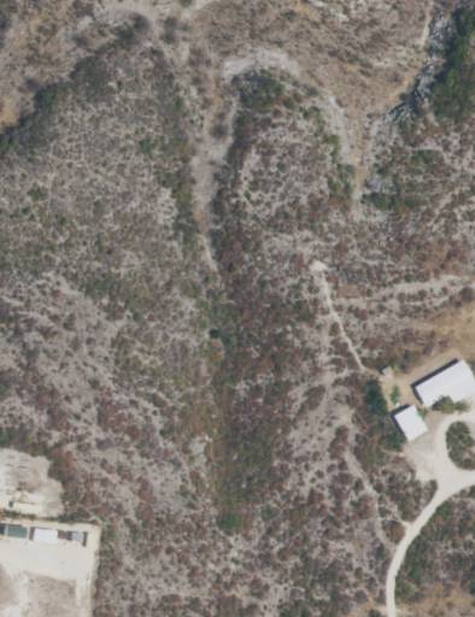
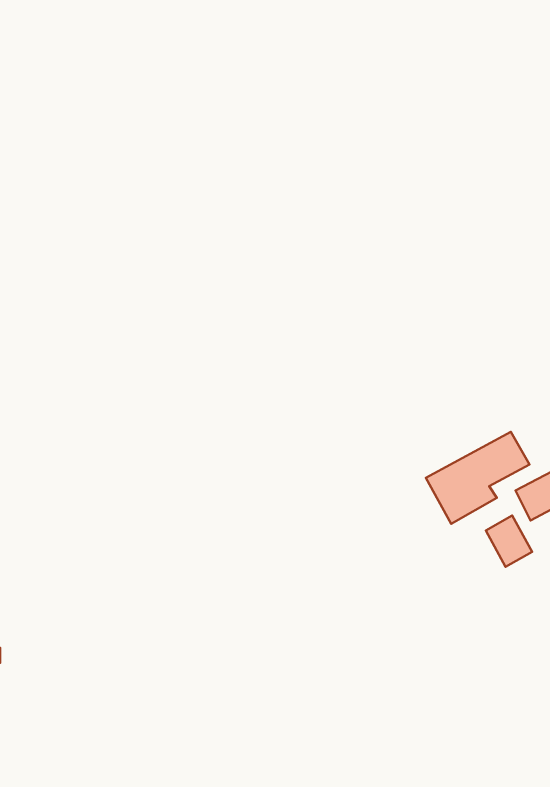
building: none -> [426,432,529,524]

